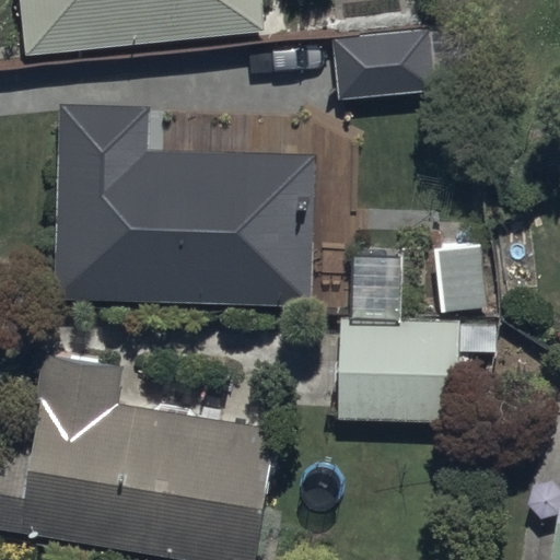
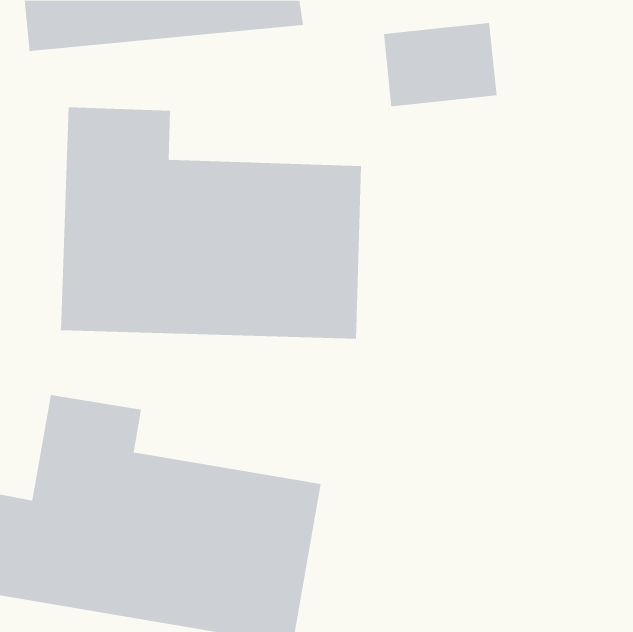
building: [335,320,485,423] -> none

